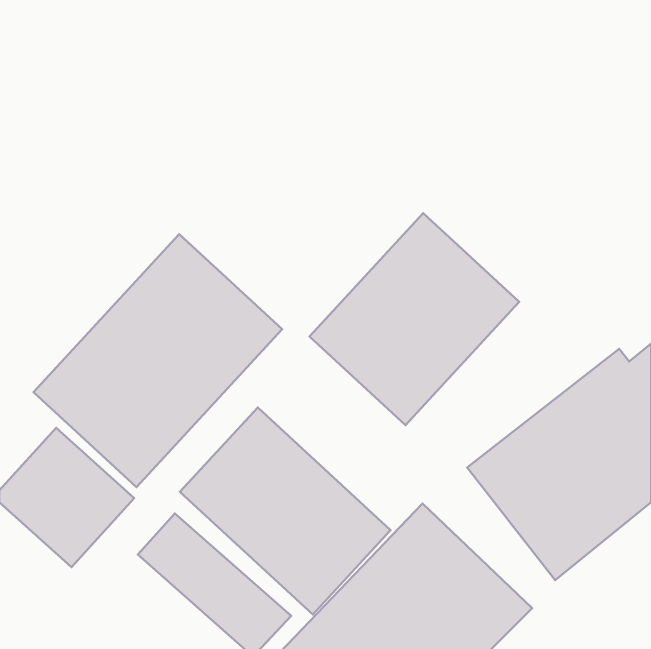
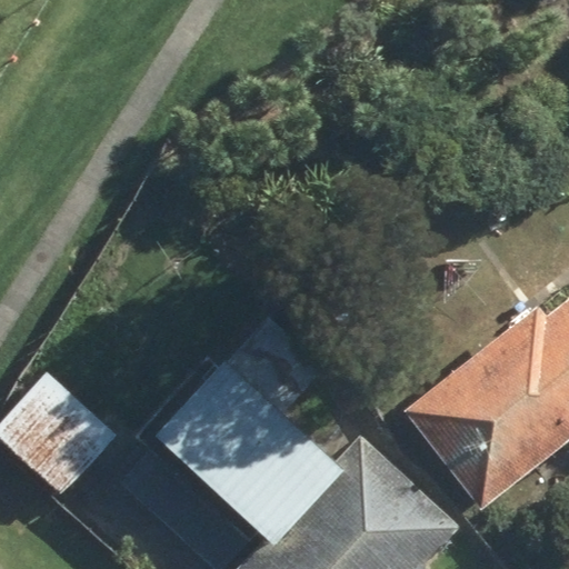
building: [310,213,519,425] -> none
building: [33,234,282,487] -> none

